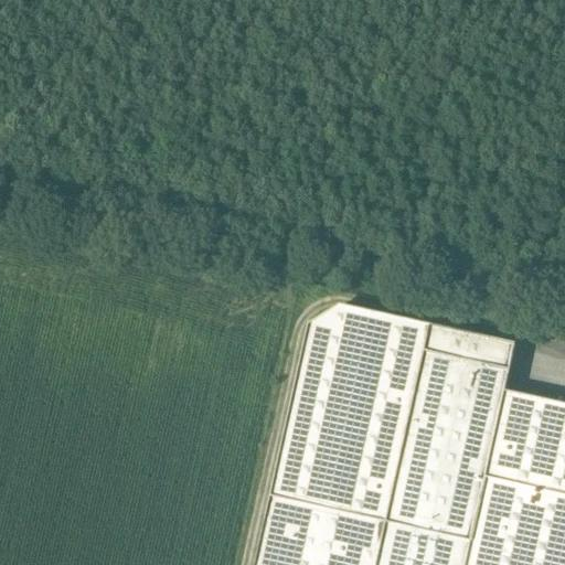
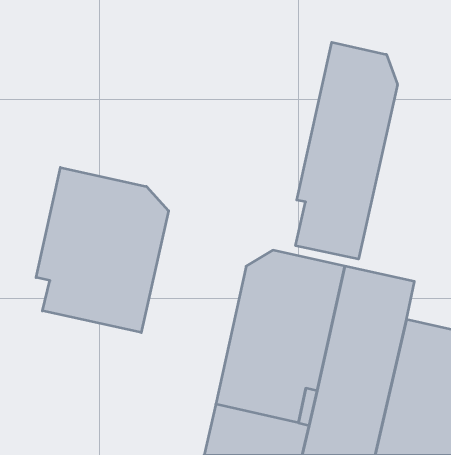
building: none -> [296,42,397,259]
building: none -> [36,167,169,333]

